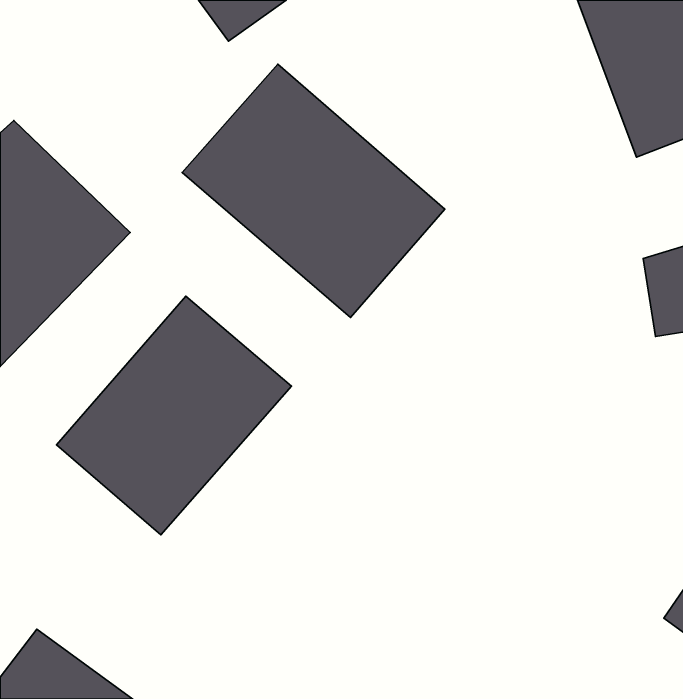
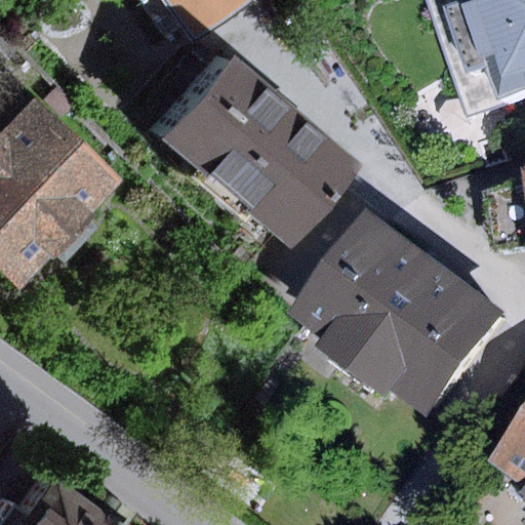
building: none -> [310,221,514,417]
building: [56,296,291,535] -> none

